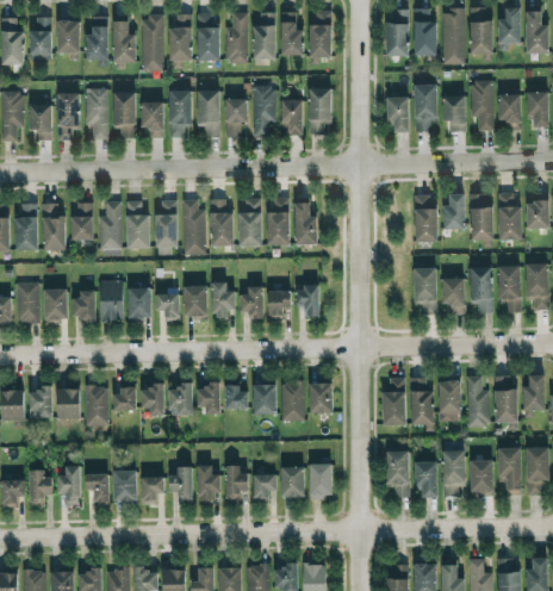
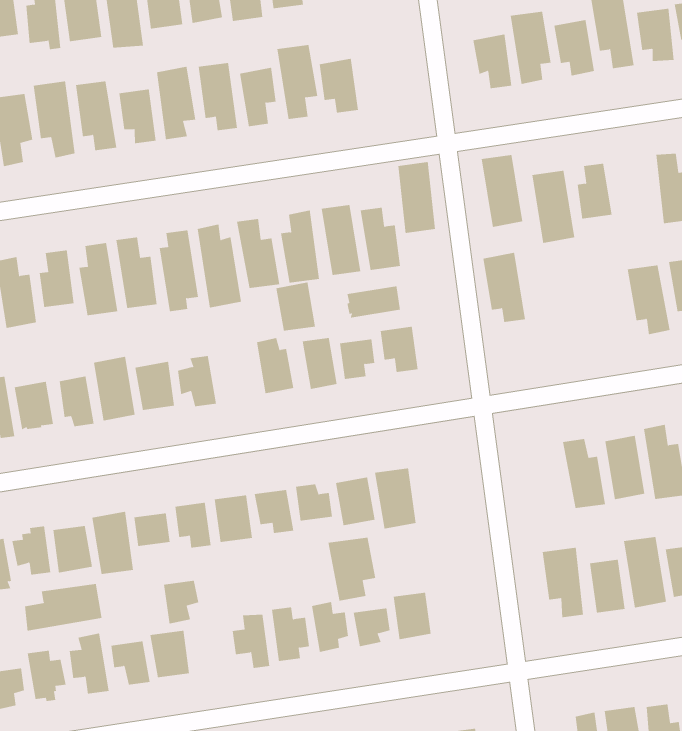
building: [309,88,331,135] -> [397,162,436,233]
building: [471,193,493,241] -> [481,154,523,228]
building: none -> [347,286,400,318]
building: [414,267,437,313] -> [482,252,526,323]
building: [442,278,465,313] -> none
building: [184,285,207,316] -> [275,282,316,331]
building: [383,378,405,425] -> none
building: [309,382,333,413] -> none
building: none -> [328,537,376,602]
building: none -> [24,583,102,632]
building: [310,464,333,498] -> none
building: [142,477,164,504] -> [163,580,199,624]

